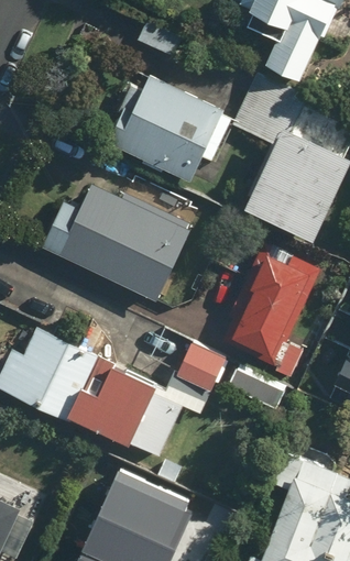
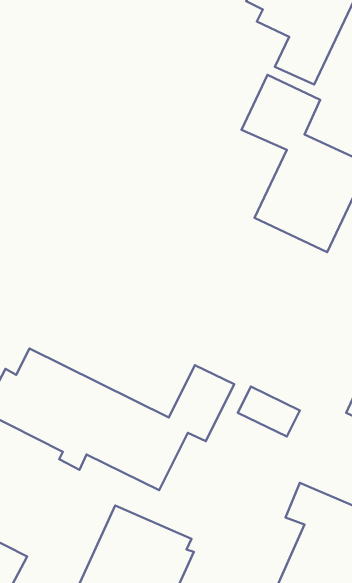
building: [105,75,232,180] -> none
building: [41,171,185,293] -> none
building: [221,242,320,372] -> none

